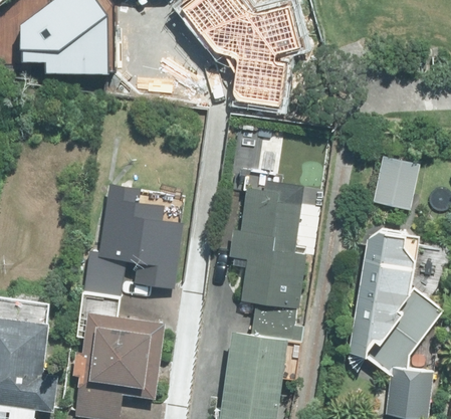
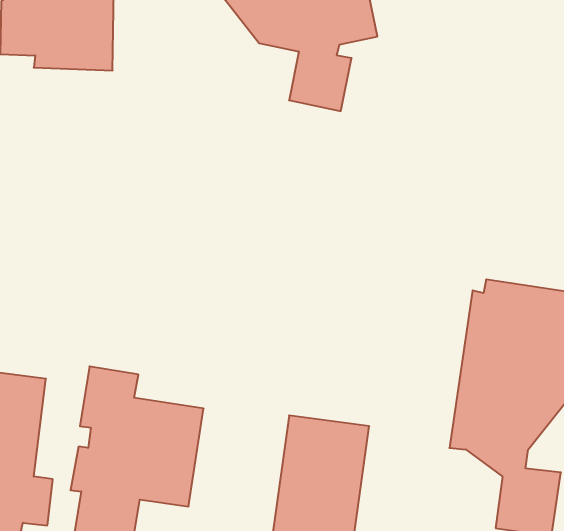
building: [372,158,419,211] -> none
building: [230,176,305,308] -> none
building: [83,183,182,295] -> none

